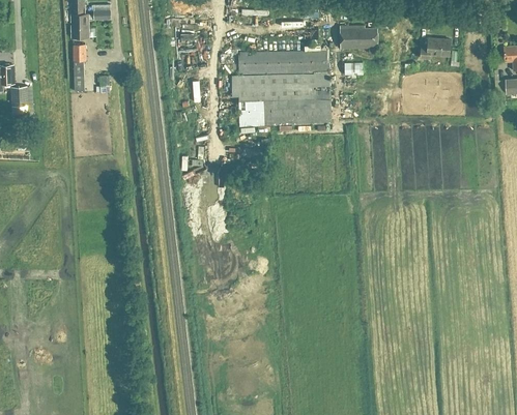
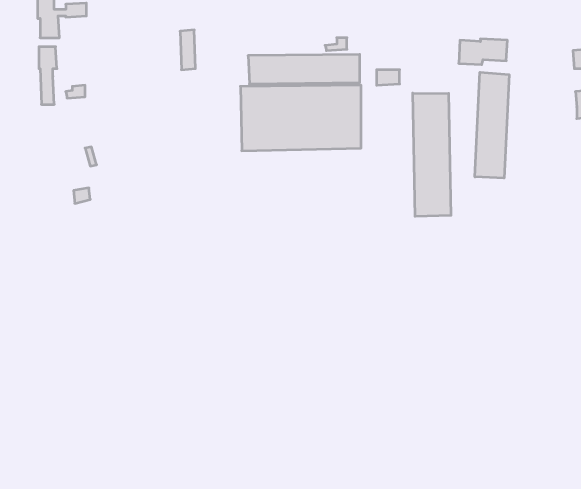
building: [339,25,377,54] -> none
building: none -> [475,72,509,178]
building: none -> [413,93,451,216]

